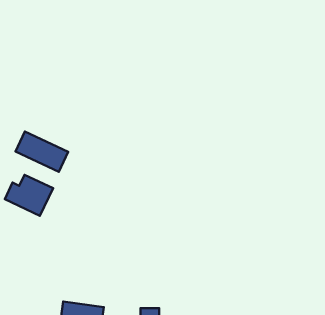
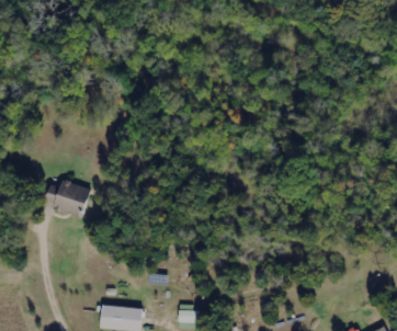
building: [15,132,68,172] -> none

